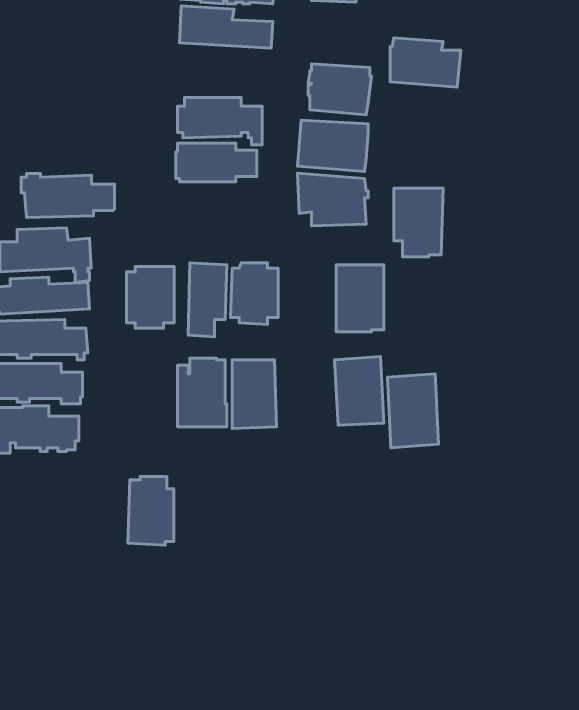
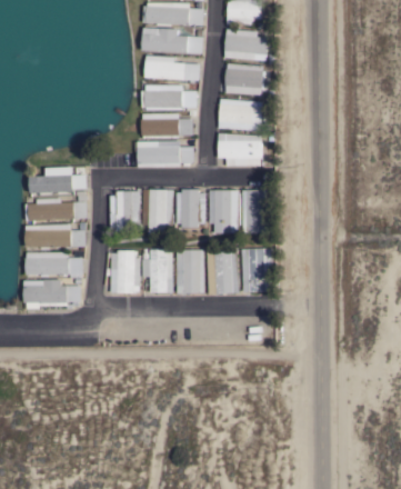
building: [390,38,461,87] -> [224,29,269,60]
building: none -> [146,54,199,82]
building: [21,174,115,218] -> [134,139,193,167]
building: [394,188,443,257] -> [209,190,240,233]
building: [387,374,439,448] -> [207,248,239,295]
building: [128,476,174,545] -> [110,250,139,293]

